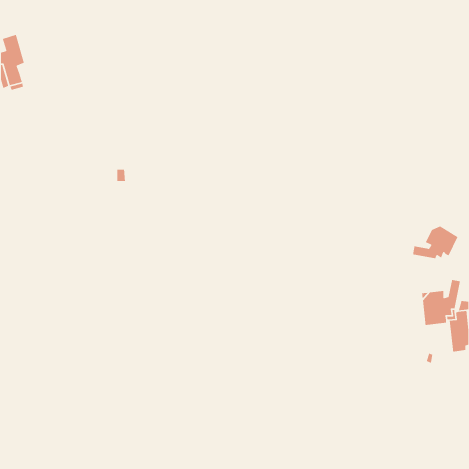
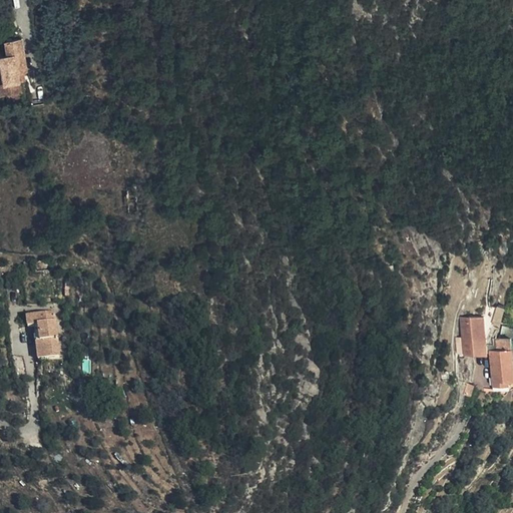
building: [412,225,459,259] -> none
building: none -> [24,313,57,359]

